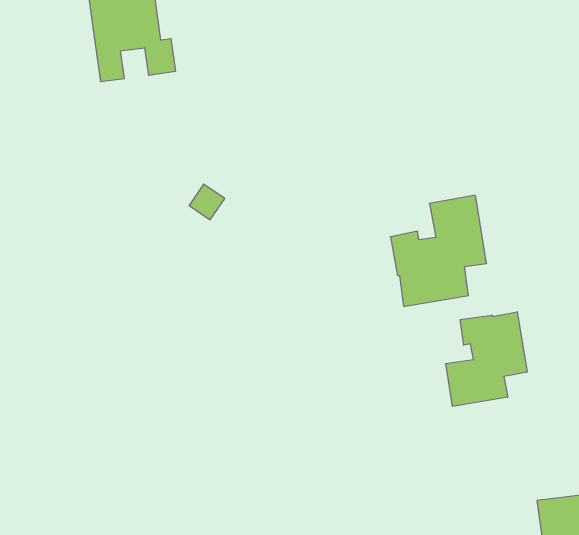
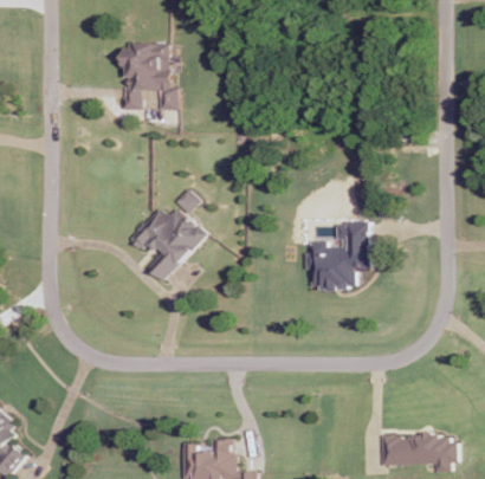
building: none -> [129,207,205,279]
building: [446,312,527,406] -> none

